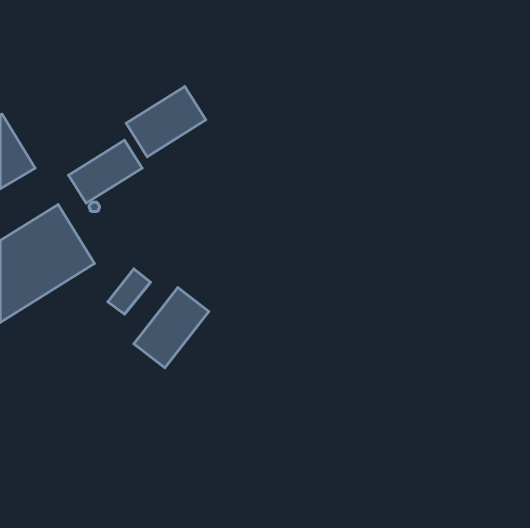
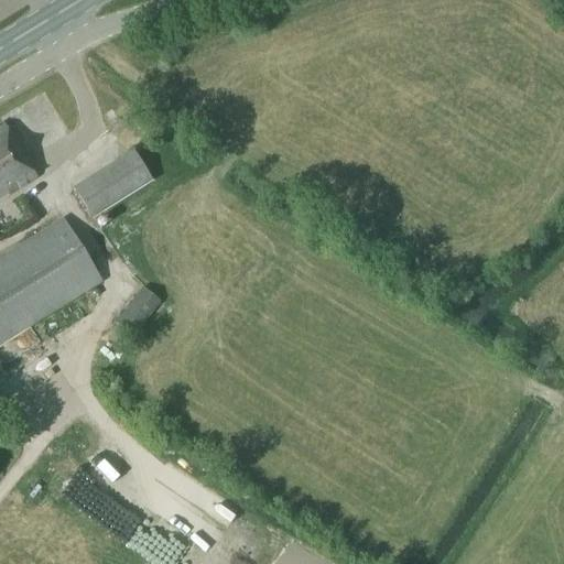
building: [126,86,206,157] -> none
building: [134,287,209,368] -> none

